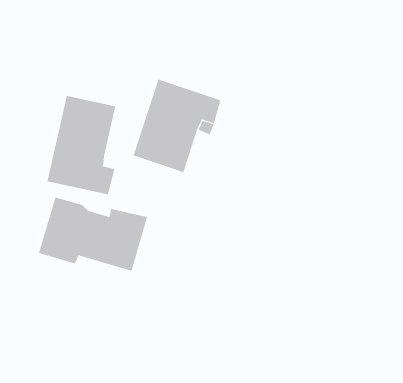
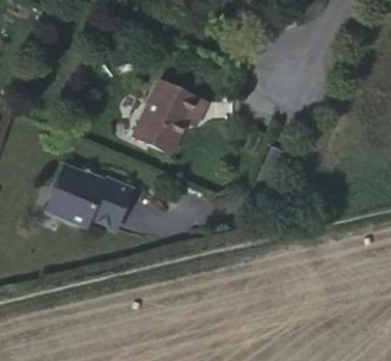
building: [47,95,116,195] -> none

